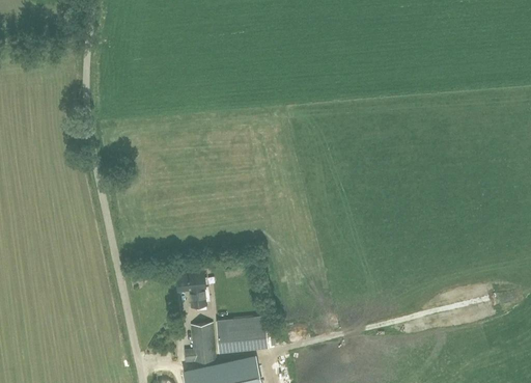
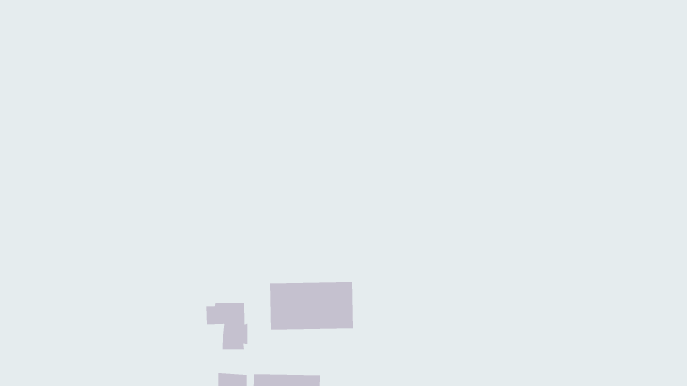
building: none -> [270,281,354,330]

